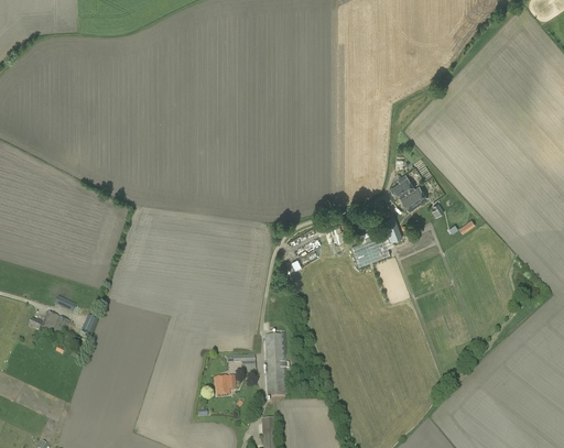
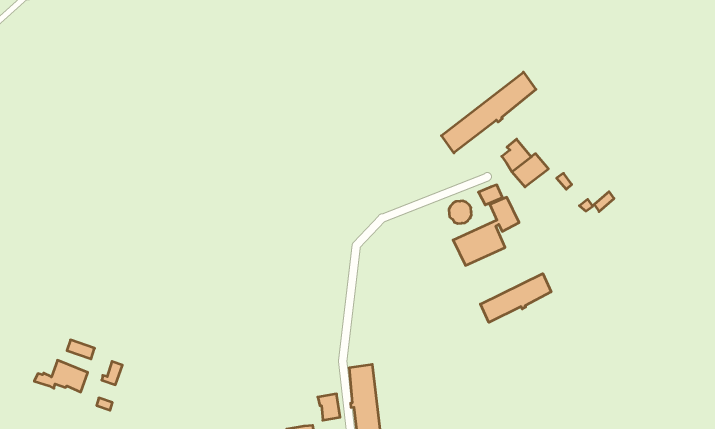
building: none -> [441,72,536,153]
building: none -> [480,274,551,322]

